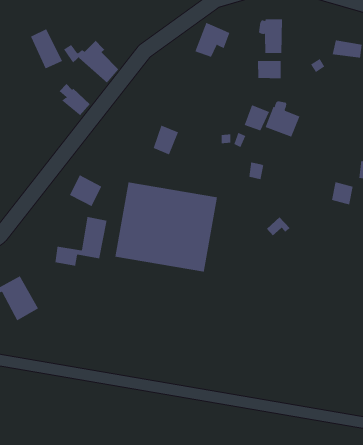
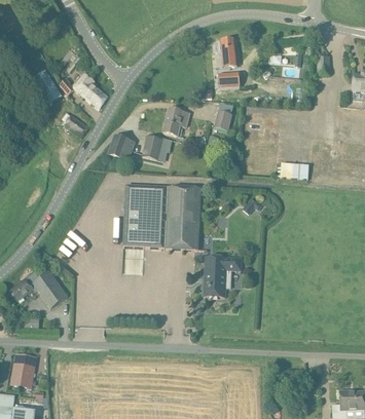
building: [195,22,230,57] -> [162,107,189,135]
building: [265,101,300,137] -> none
building: [69,175,102,207] -> [109,135,135,159]
building: [55,216,107,266] -> none
building: none -> [204,256,241,296]

